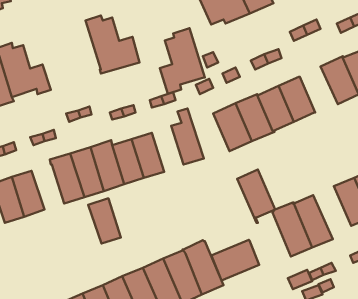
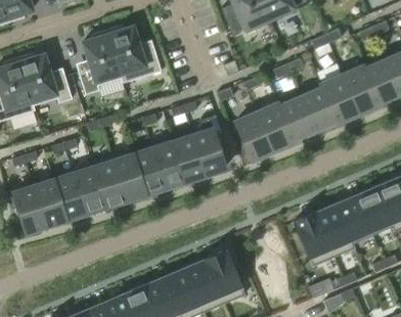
building: [160,28,205,94] -> [77,30,122,95]
building: none -> [320,76,359,123]
building: none -> [173,135,205,181]
building: [237,170,275,223] -> [335,195,372,248]
building: [88,199,121,244] -> [52,174,85,219]
building: [211,240,259,281] -> none

